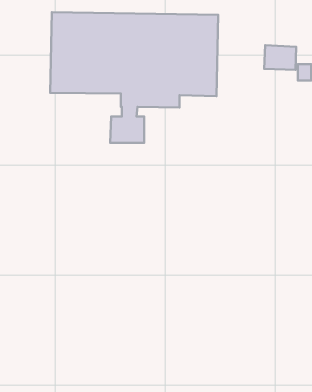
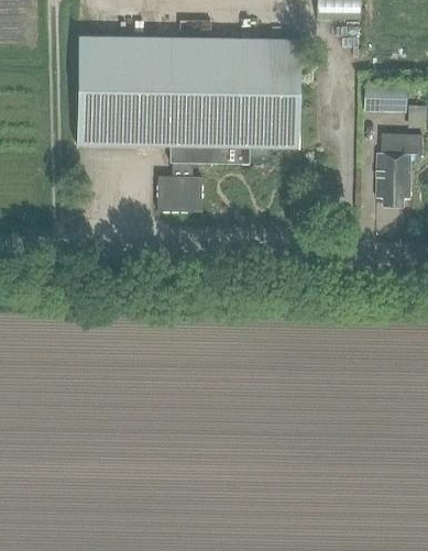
building: none -> [377,133,422,206]

